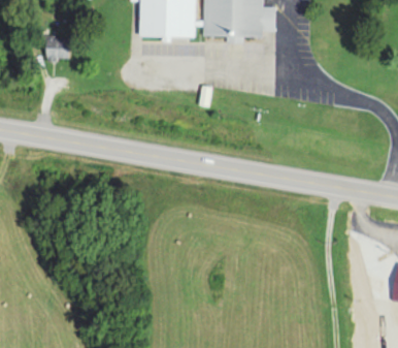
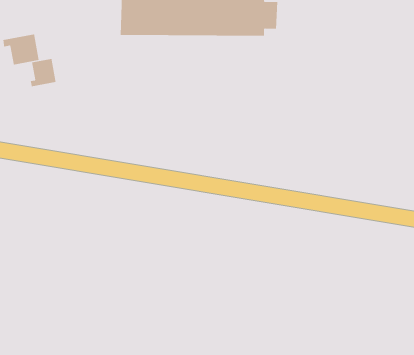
building: none -> [30,58,56,87]

